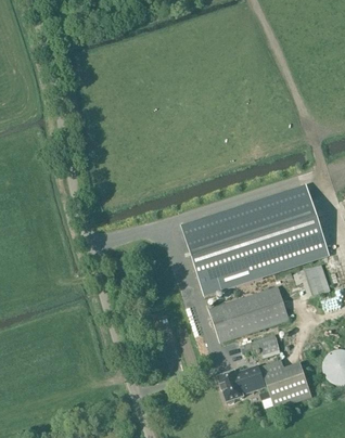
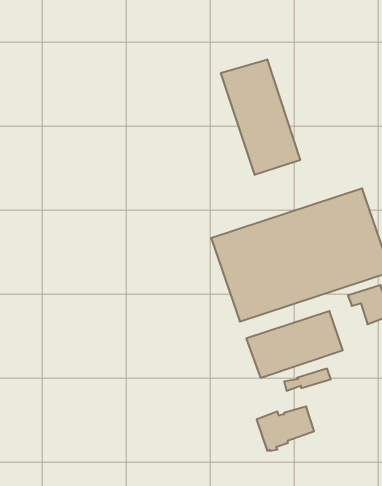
building: none -> [221,59,300,175]
building: [261,359,312,408] -> none

